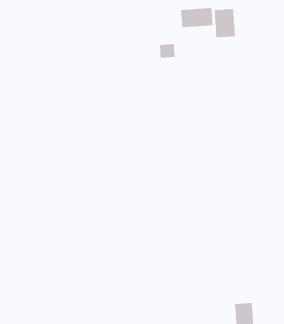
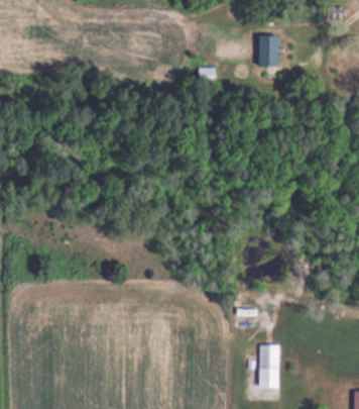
building: [181,7,213,28] -> none

